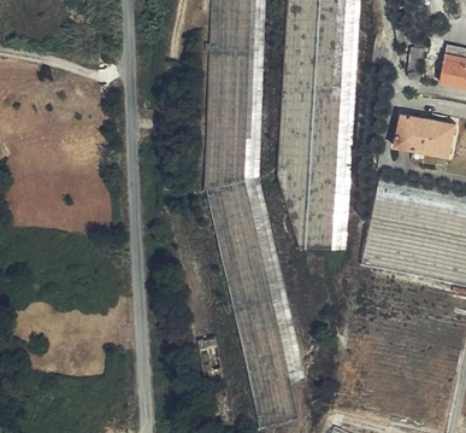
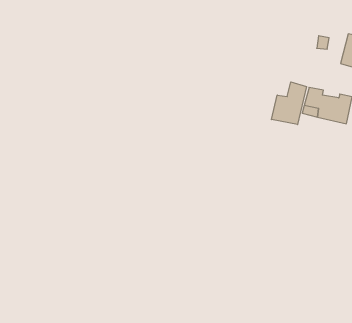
building: none -> [271,82,307,125]

